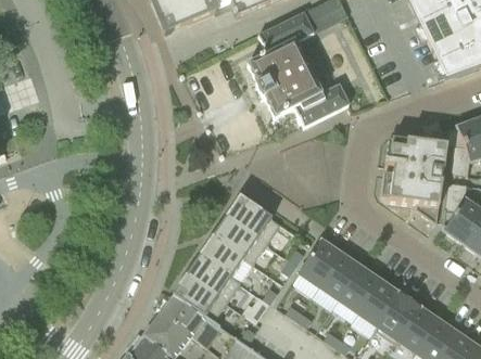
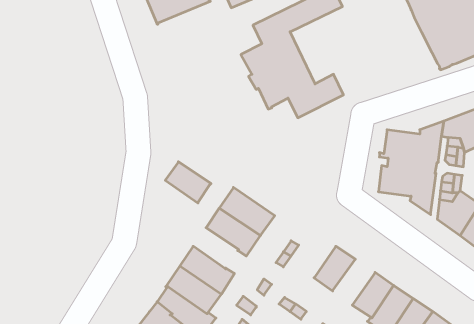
building: [199,235,244,277] -> [165,162,211,203]
building: [299,240,341,285] -> none
building: [338,267,380,312] -> none

